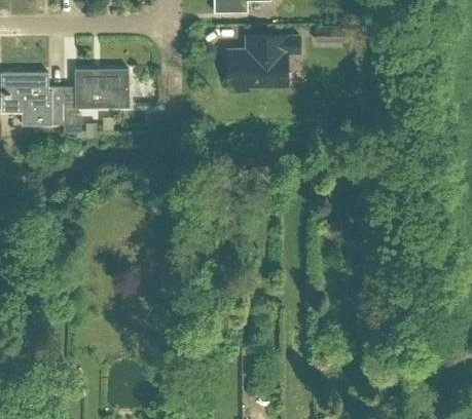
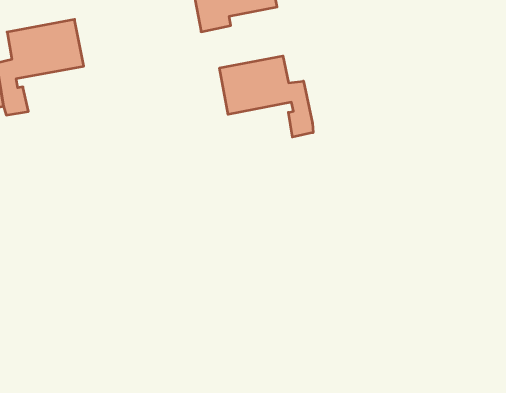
building: none -> [220,56,313,137]

